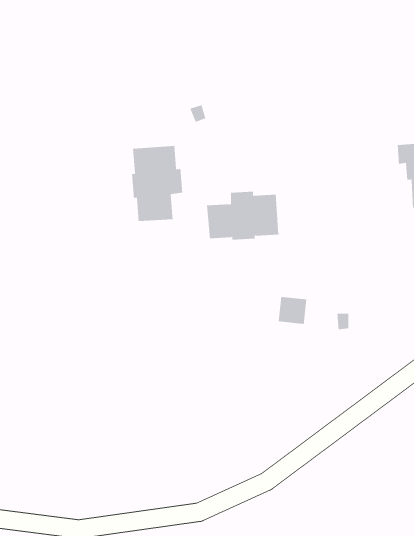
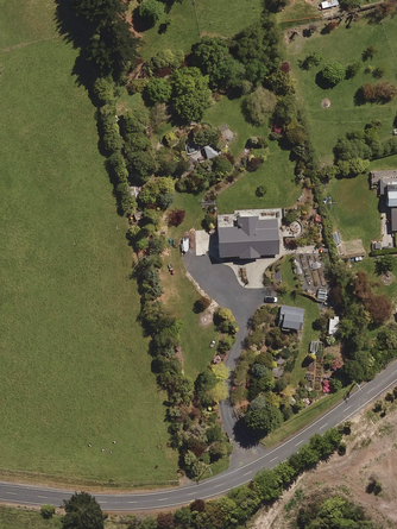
building: [131,145,183,222] -> none

